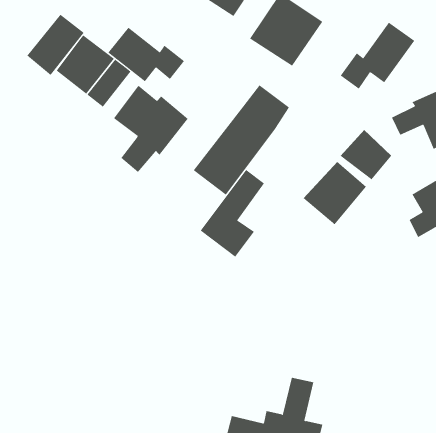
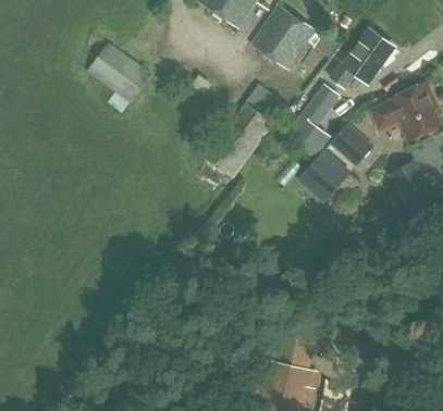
building: [26,14,84,76] -> none
building: [108,27,185,82] -> none
building: [113,85,189,173] -> none
building: [200,169,265,257] -> [285,84,341,159]

